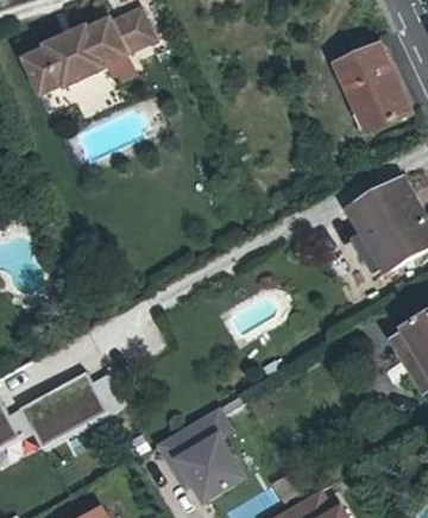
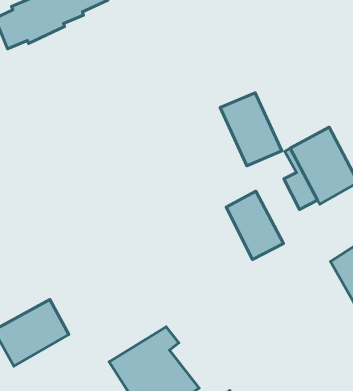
building: [338,45,407,127] -> [220,93,282,166]
building: none -> [226,191,284,259]

